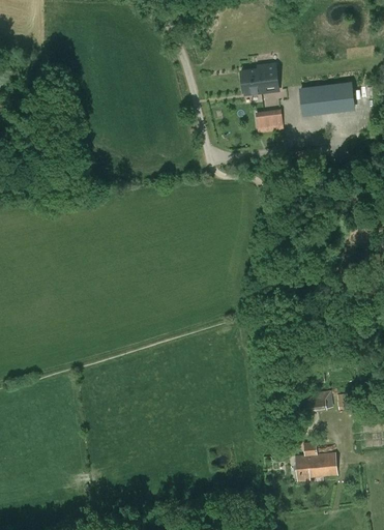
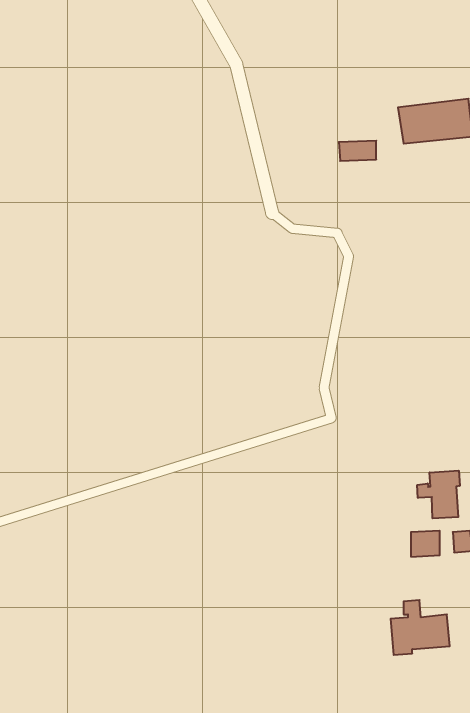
building: [240,64,277,92] -> none
building: none -> [417,471,460,518]

